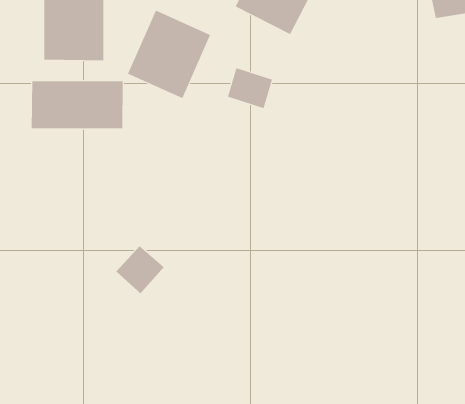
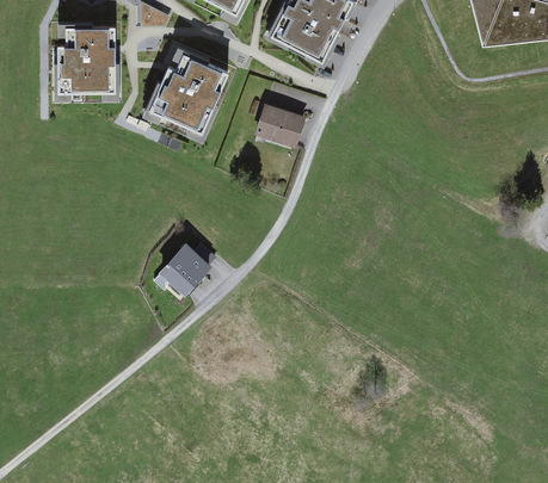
building: [31,80,123,129] -> none
building: [116,245,165,294] -> [158,243,211,297]

